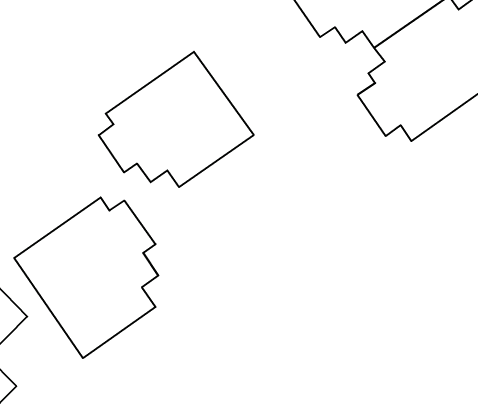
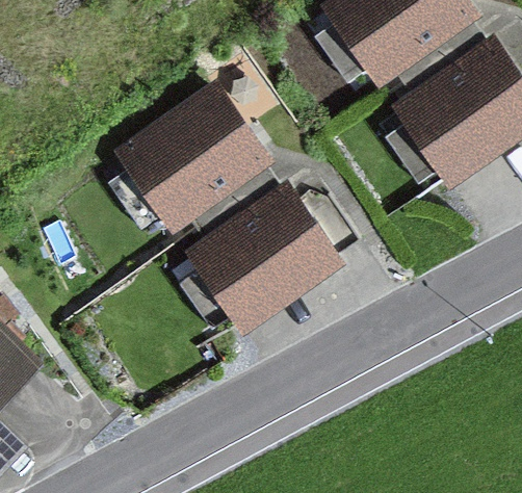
building: none -> [181,173,365,330]
building: [14,197,158,358] -> none

